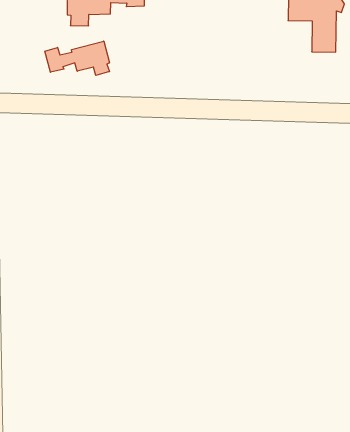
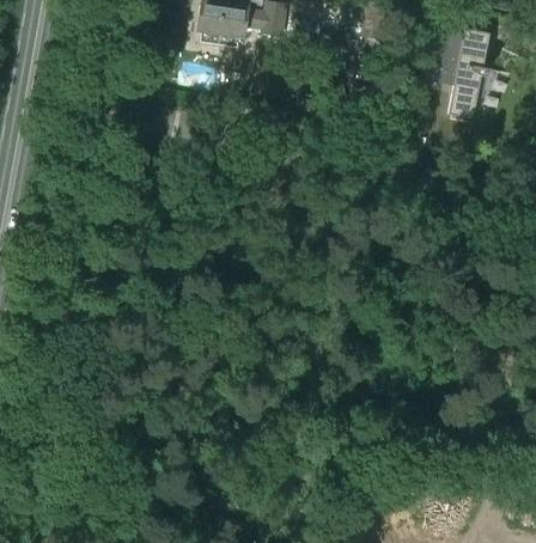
building: [45,41,109,75] -> none

